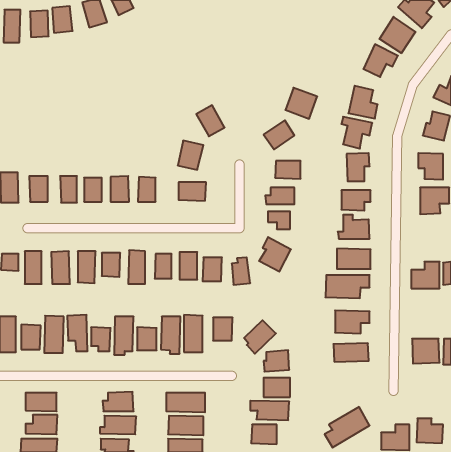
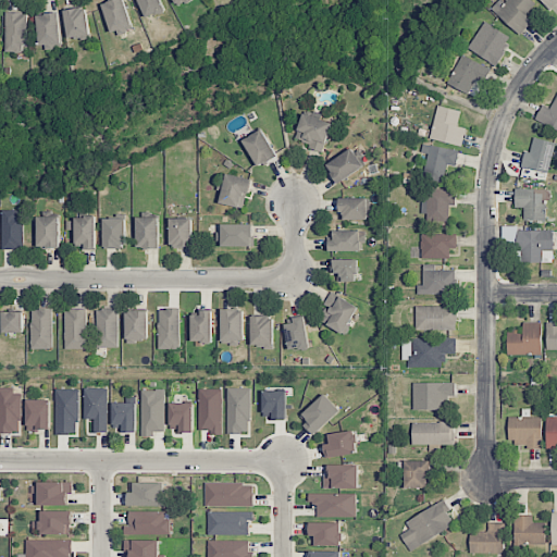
building: [285,88,317,119] -> [293,113,332,151]
building: none -> [404,460,428,488]

